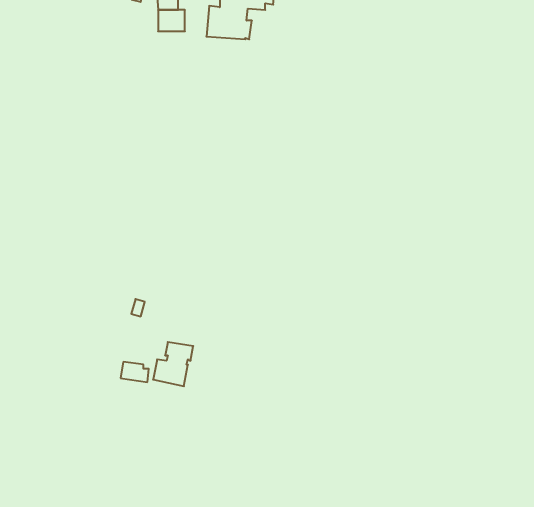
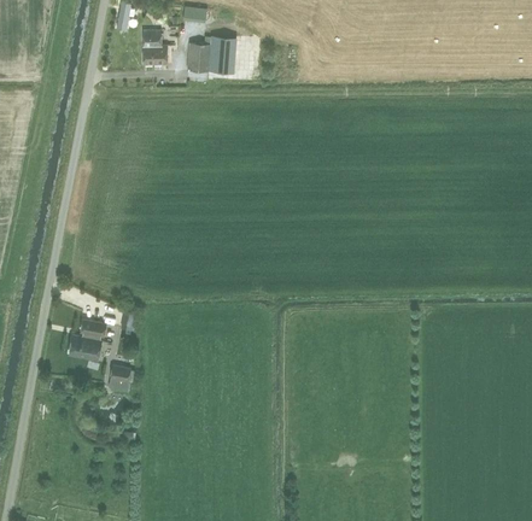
building: [153,342,193,386] -> [70,320,106,359]

